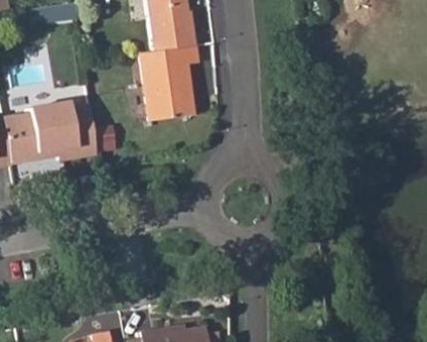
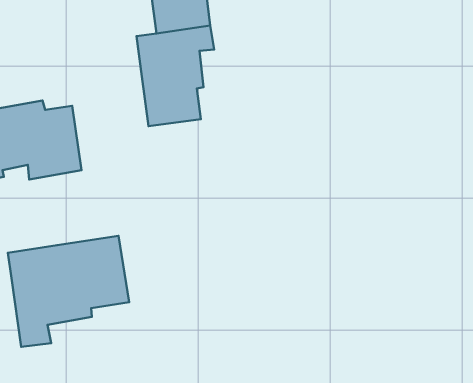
building: none -> [8,236,129,347]

